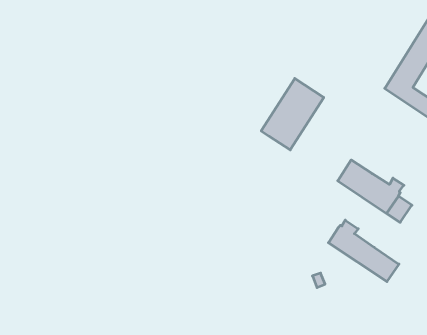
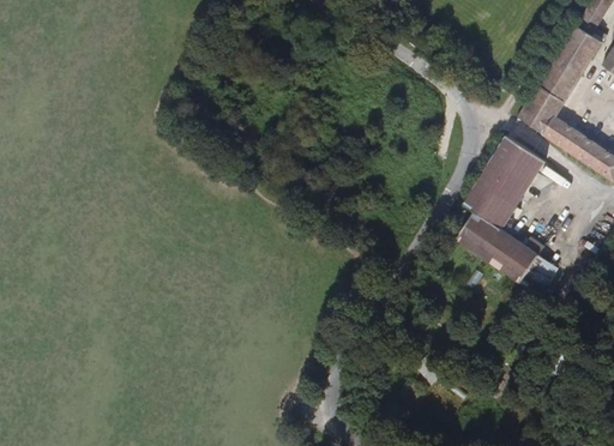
building: [261,78,324,150] -> [463,135,546,230]
building: [328,220,399,282] -> none

